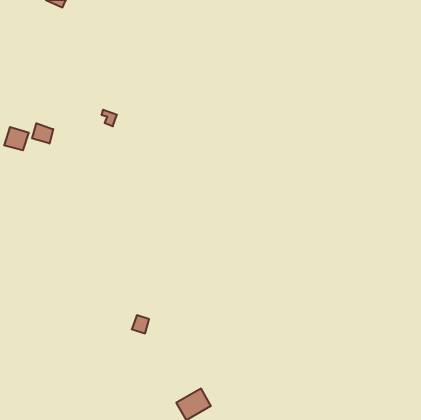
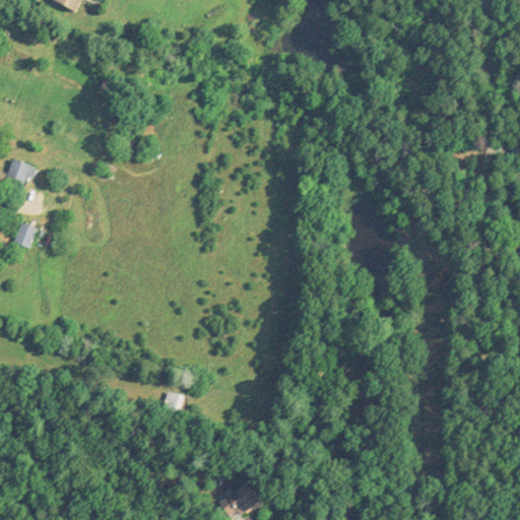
building: [32,123,53,144] -> none
building: none -> [13,221,38,248]

